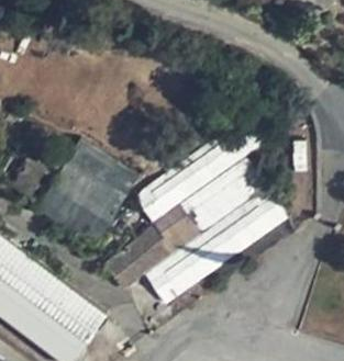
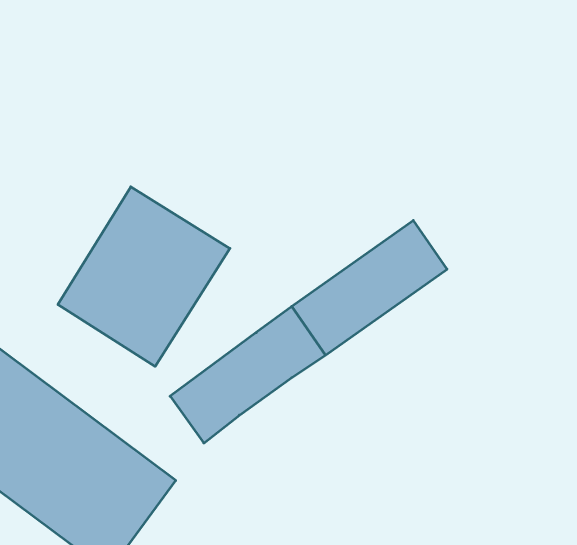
building: [134,113,273,226] -> none
building: [143,189,287,305] -> none

